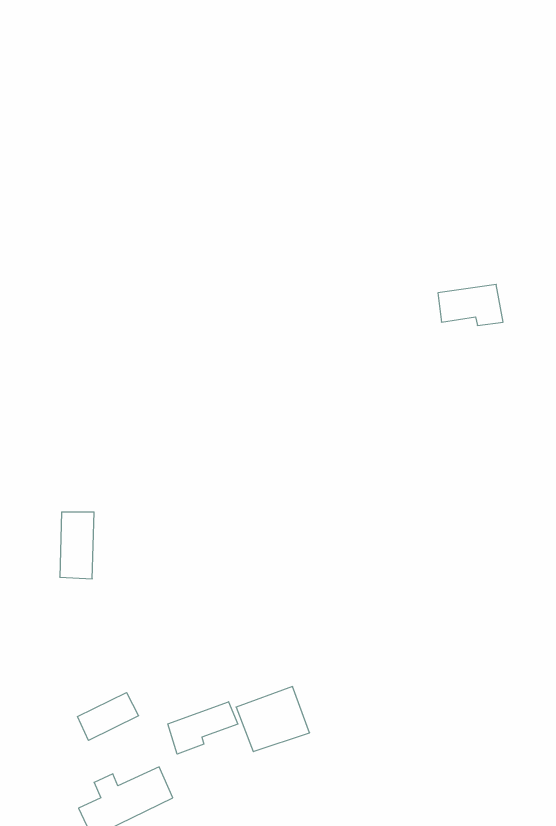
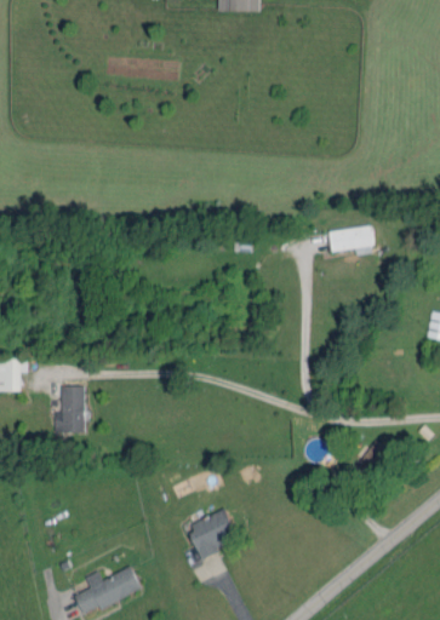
building: [78,693,139,740] -> none
building: [168,702,238,754] -> none

